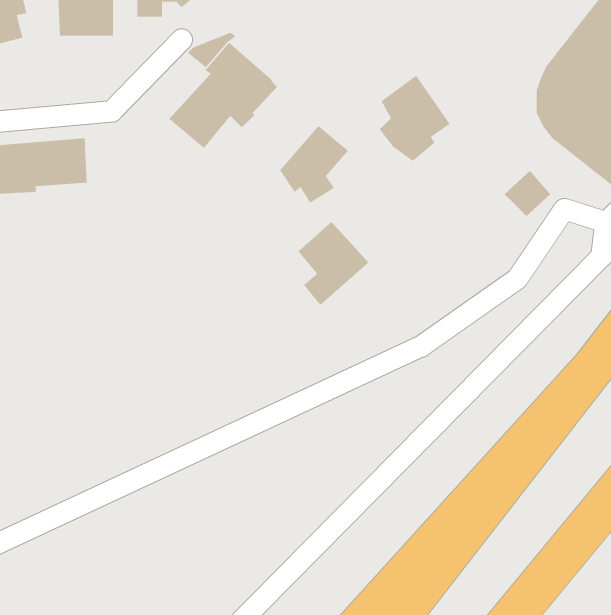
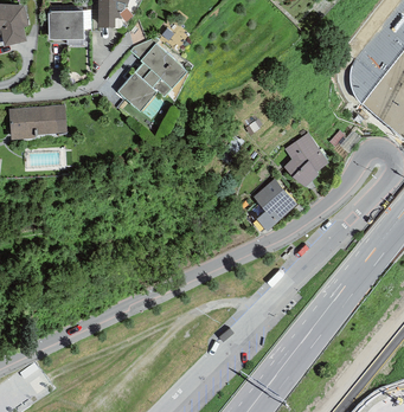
building: [379,75,451,161] -> [283,131,328,186]
building: [280,125,349,204] -> none
building: [297,221,369,306] -> [252,178,297,231]

